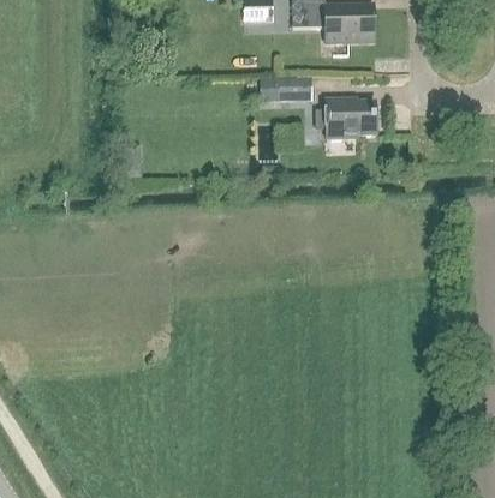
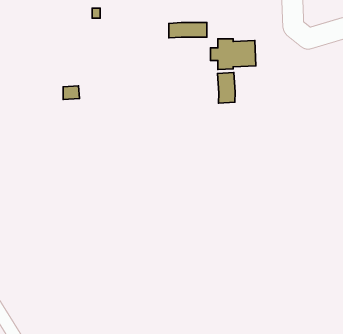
building: none -> [217,73,235,103]

